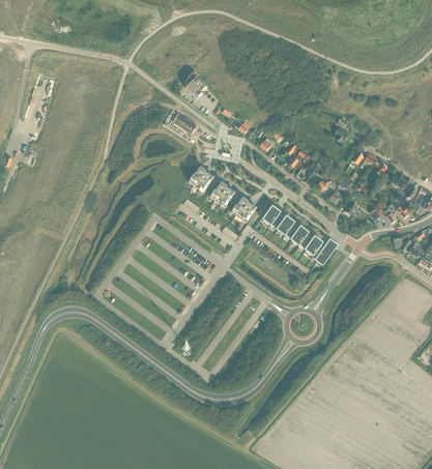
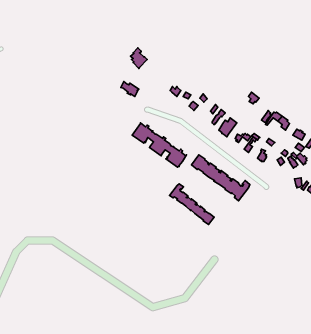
building: none -> [170,184,214,224]

